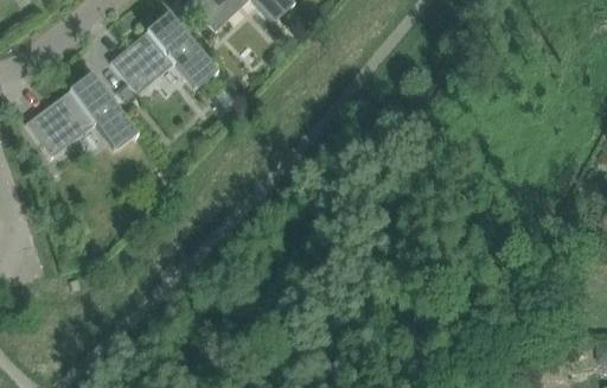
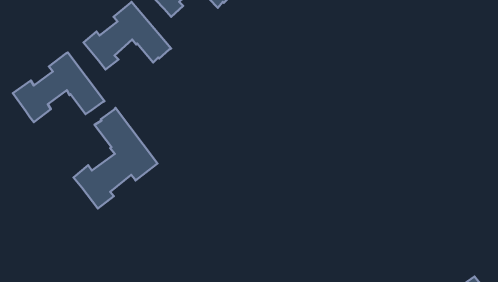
building: none -> [73,108,158,208]

